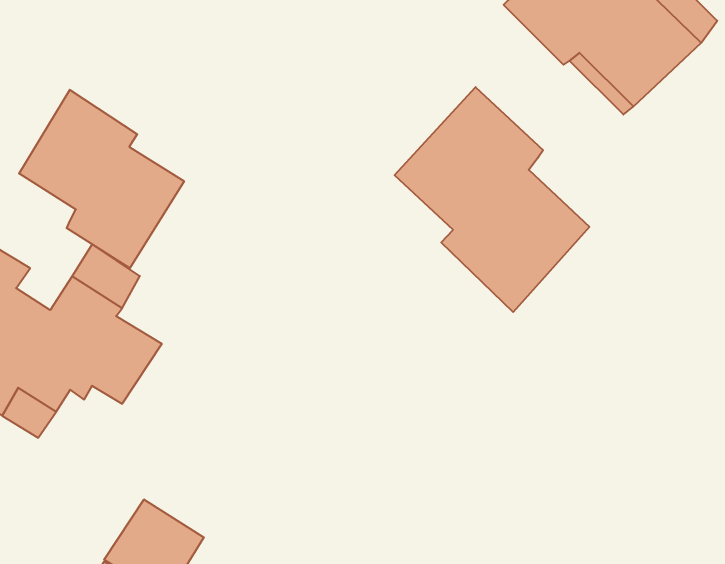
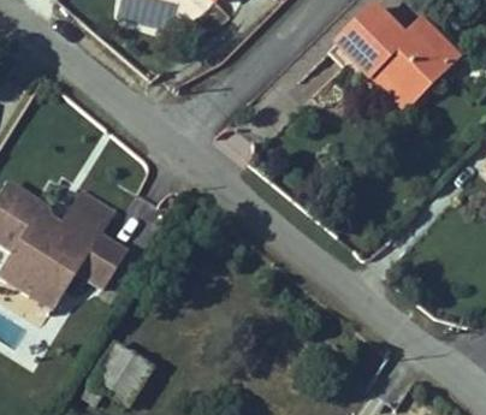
building: [395,87,589,312] -> none
building: [19,90,184,268] -> none

